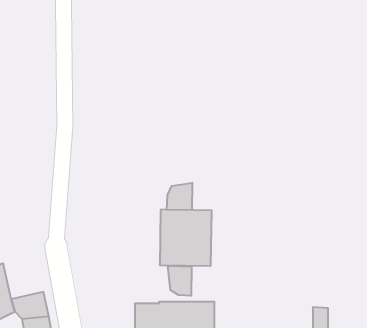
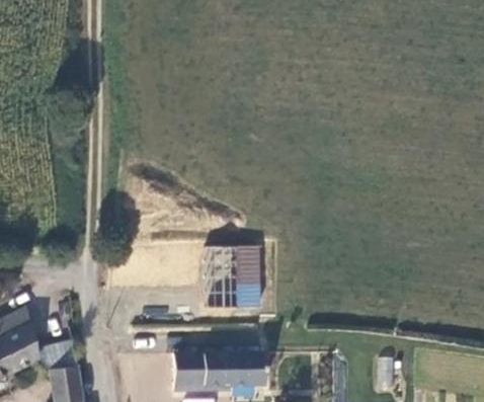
building: [167,183,192,210] -> none
building: [168,266,192,296] -> none

